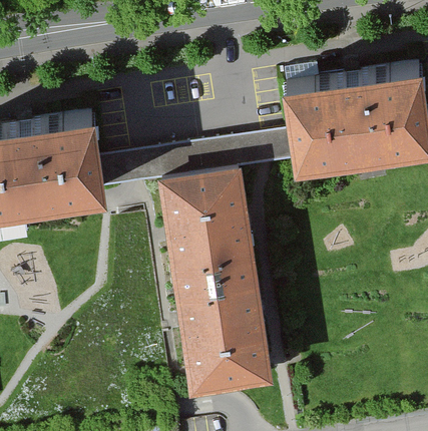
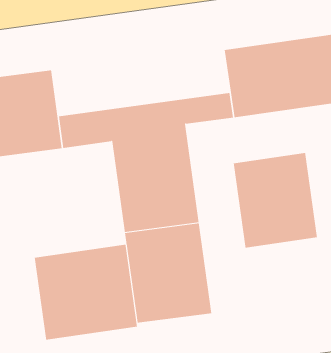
building: none -> [233,152,317,248]
building: none -> [34,244,137,340]

